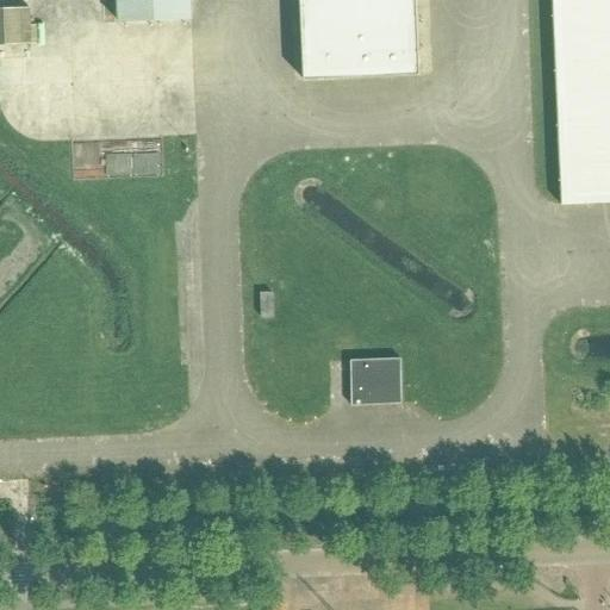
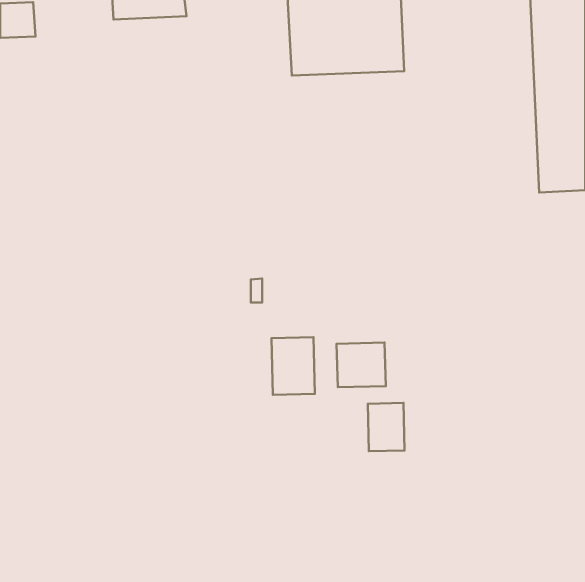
building: none -> [271,337,315,395]
building: none -> [368,403,405,451]

